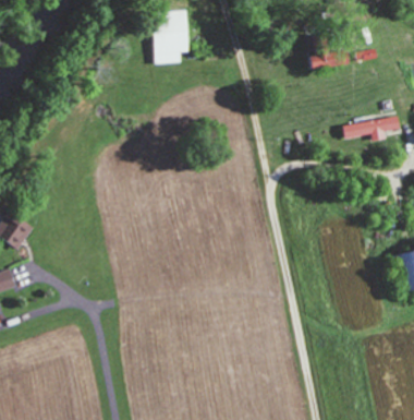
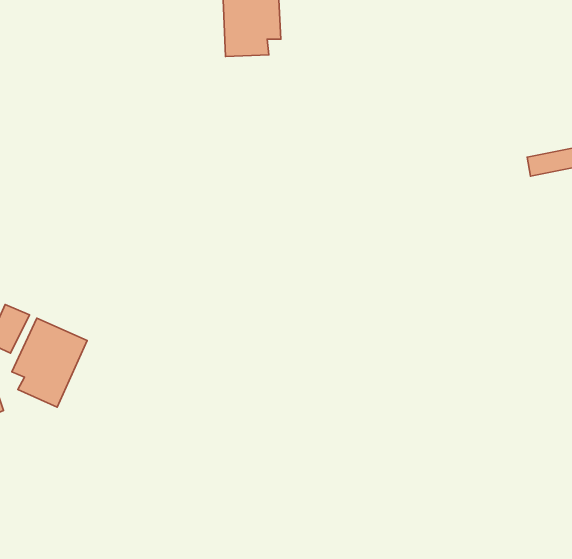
building: none -> [12,318,87,407]

